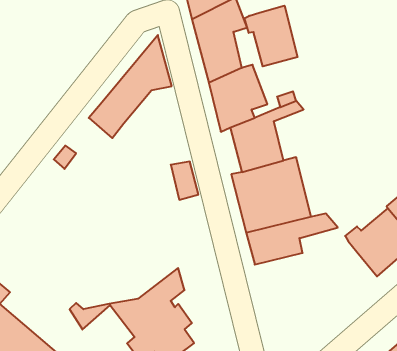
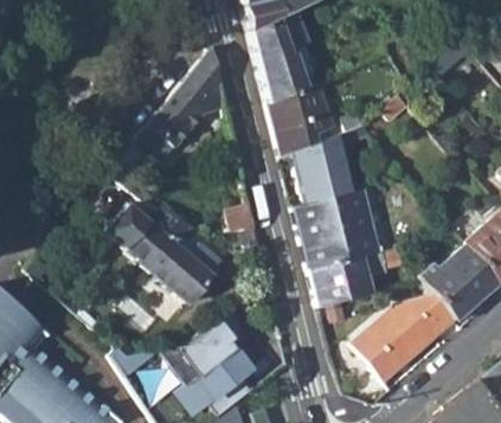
building: [245,6,298,66] -> none
building: none -> [105,203,236,302]
building: none -> [351,291,456,380]

